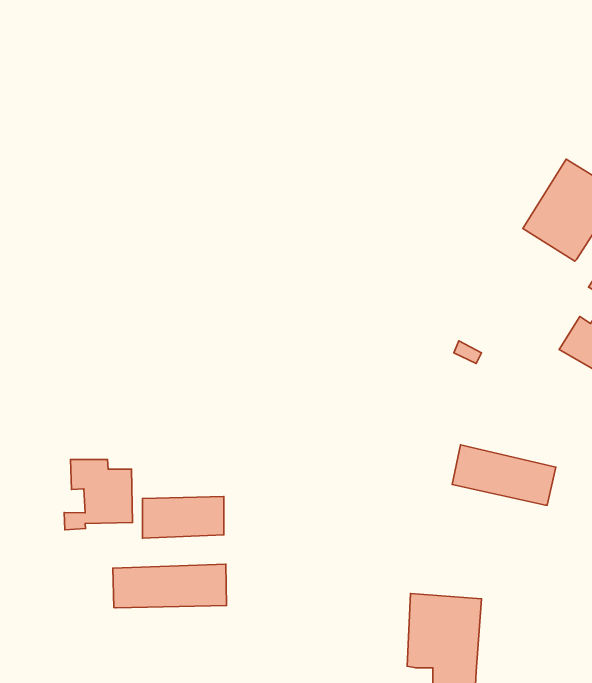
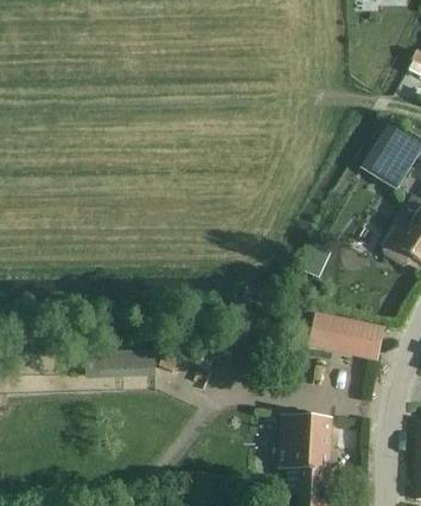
building: [64,459,133,530] -> none
building: [113,564,227,608] -> none

